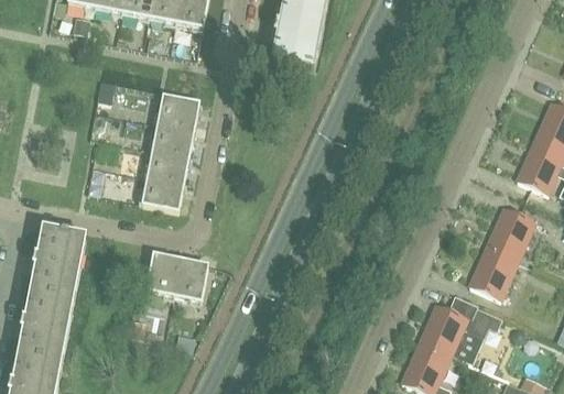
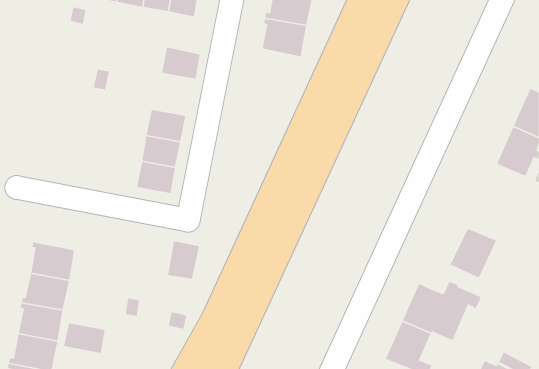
building: [158,95,198,129] -> [161,47,200,79]
building: [487,206,535,259] -> none
building: [34,228,85,269] -> none
building: [147,253,181,295] -> none
building: none -> [63,323,106,354]

